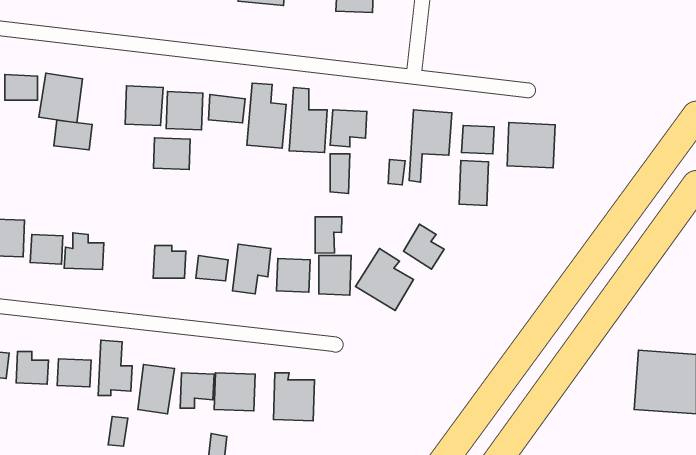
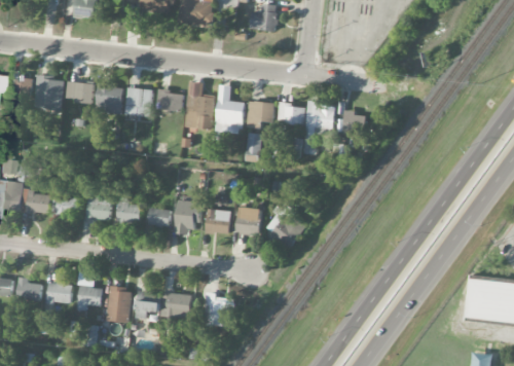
building: none -> [274,103,304,126]
building: [54,120,92,150] -> [66,81,94,103]
building: [507,123,555,168] -> none
building: [153,138,190,170] -> none
building: [459,160,489,205] -> none
building: [315,217,342,253] -> none
building: [404,224,444,269] -> none
building: none -> [86,186,110,221]

